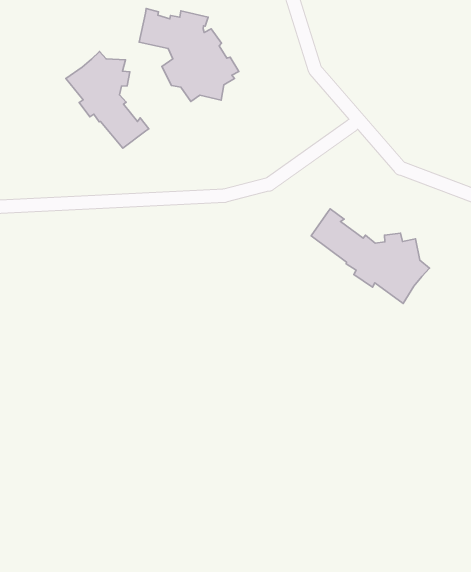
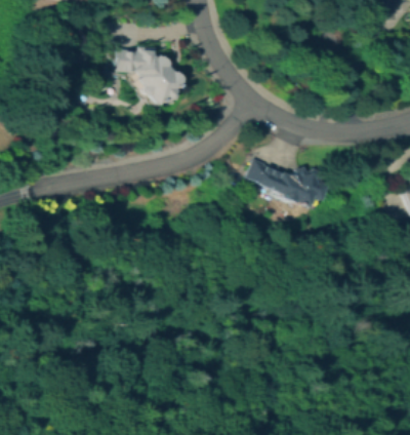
building: [66,51,149,148] -> none

